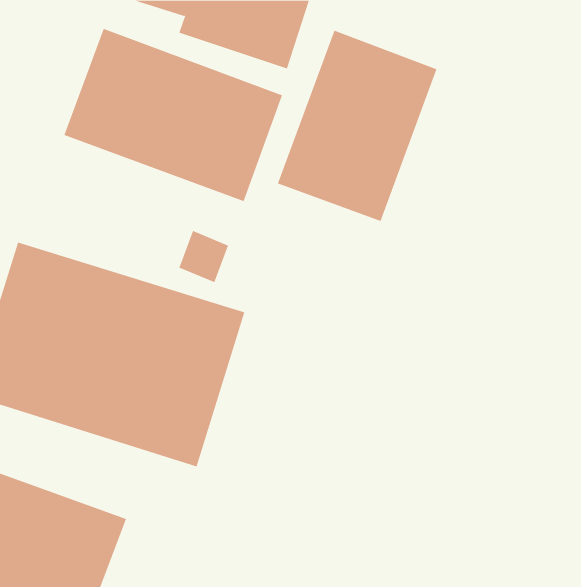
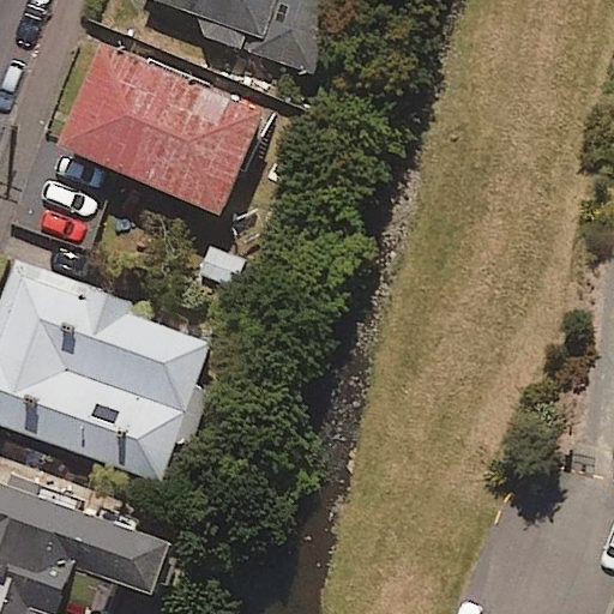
building: [277,30,437,222] -> none

